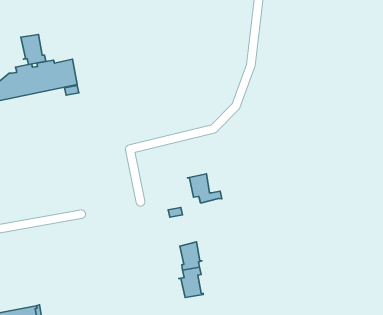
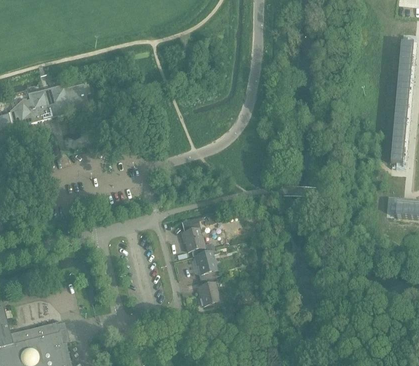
building: [21,35,46,65] -> none
building: [187,174,222,203] -> [181,226,215,254]

